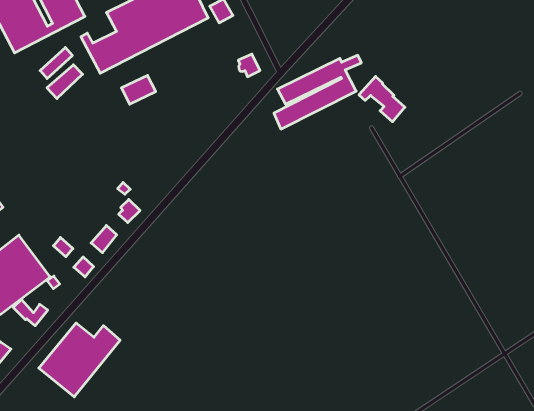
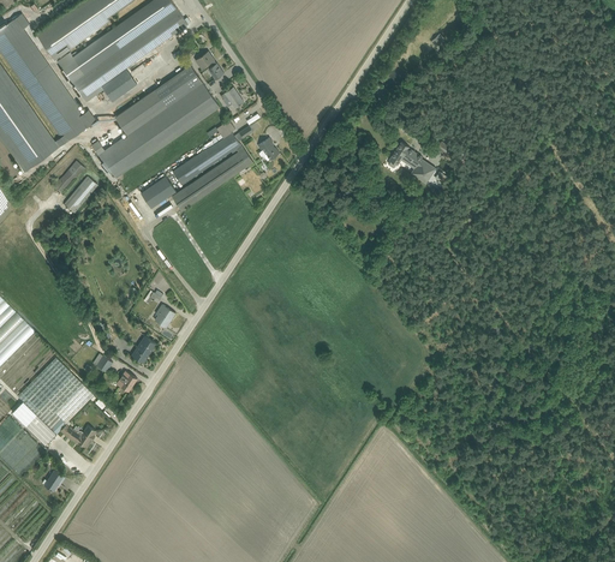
building: [274,55,361,129] -> [171,124,253,211]
building: [39,323,120,397] -> none

